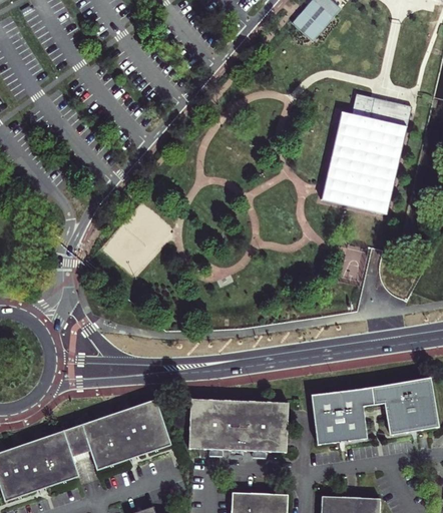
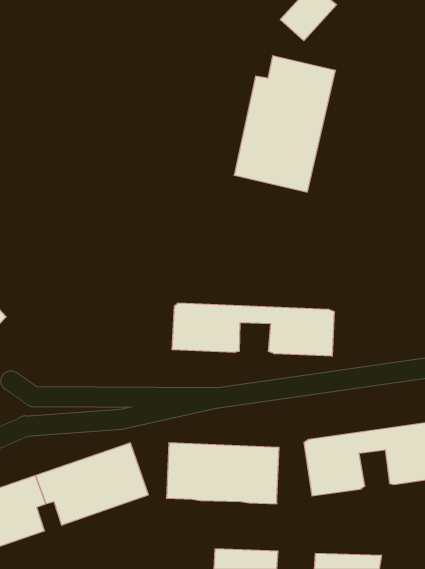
building: [322,94,412,215] -> [234,56,336,192]
building: none -> [172,303,334,356]

